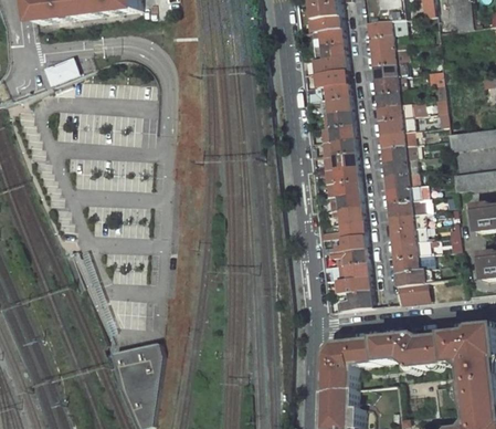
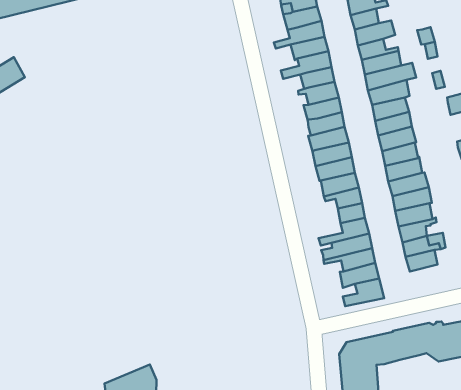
building: [397,281,424,302] -> none

